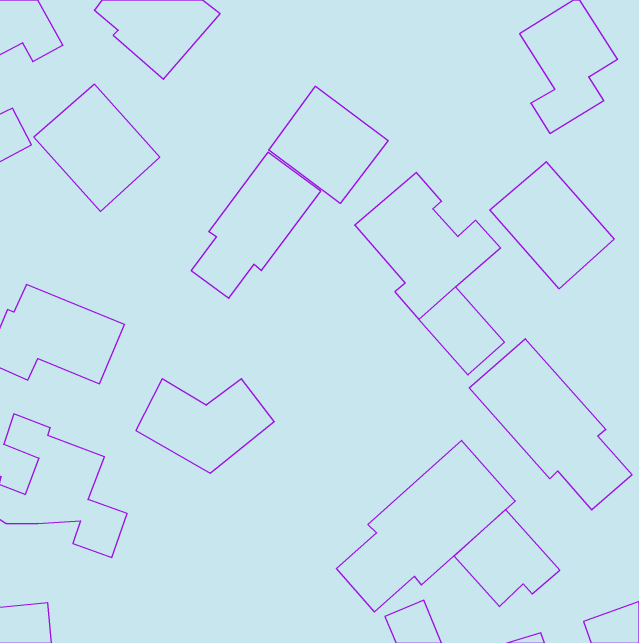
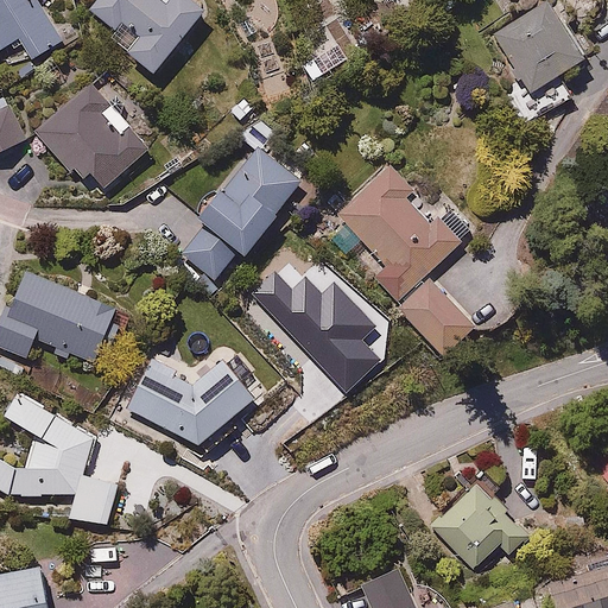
building: [269,86,388,203] -> none
building: [490,162,614,289] -> none
building: none -> [249,272,378,393]
building: [469,339,632,510] -> none
building: [336,440,515,612] -> none

